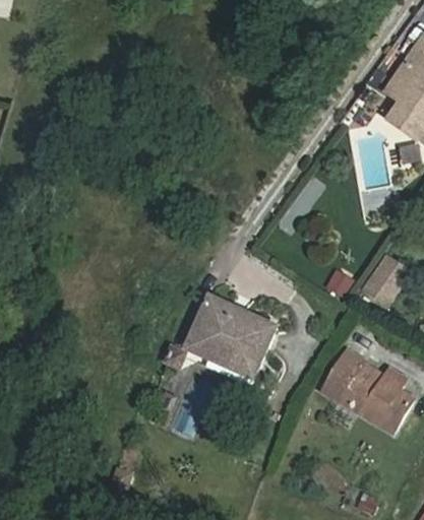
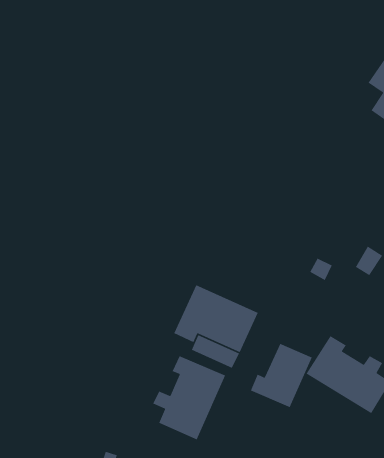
building: none -> [250,343,313,408]
building: none -> [152,355,226,441]

